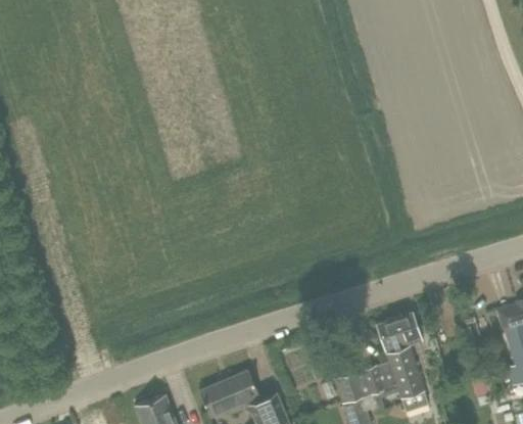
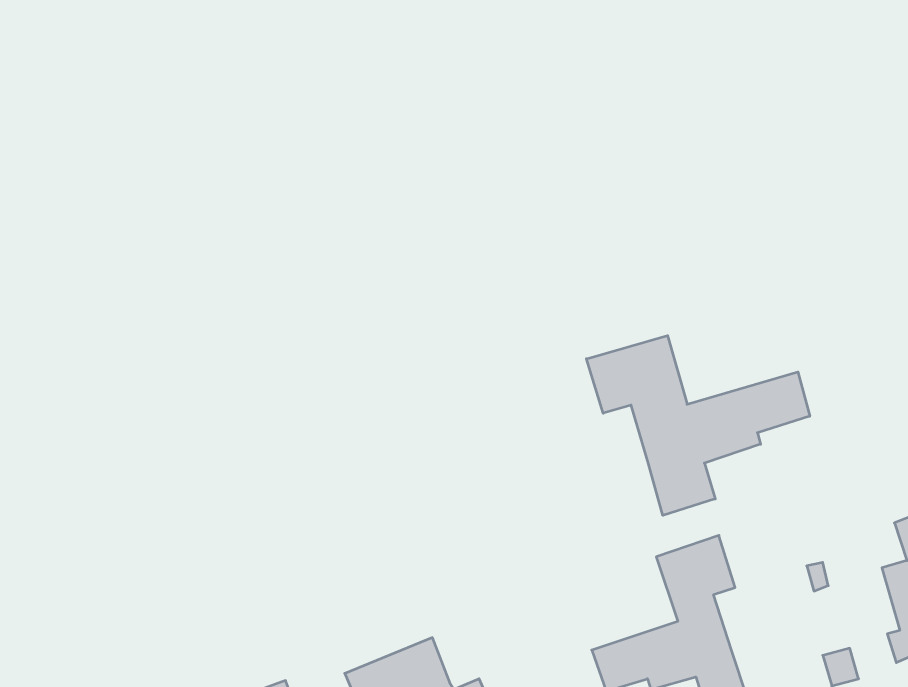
building: none -> [586,336,810,515]

